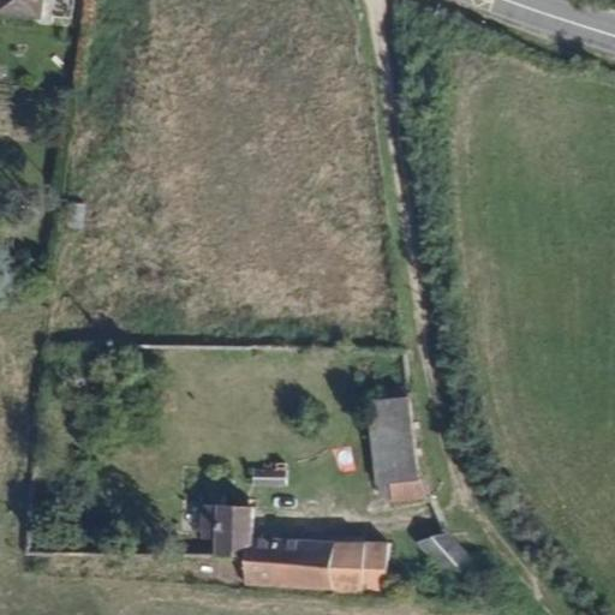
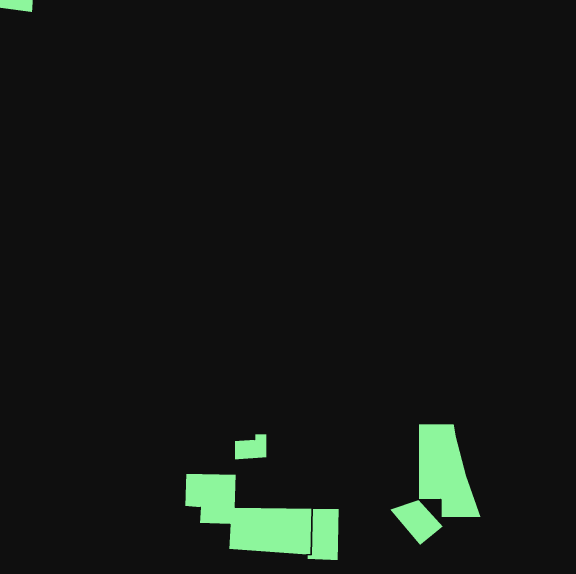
building: [366,392,434,491] -> [418,424,482,518]
building: [359,541,386,597] -> none

